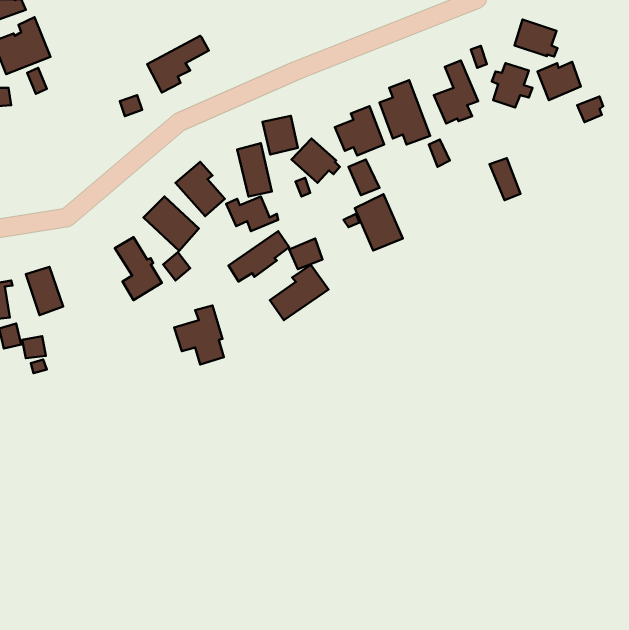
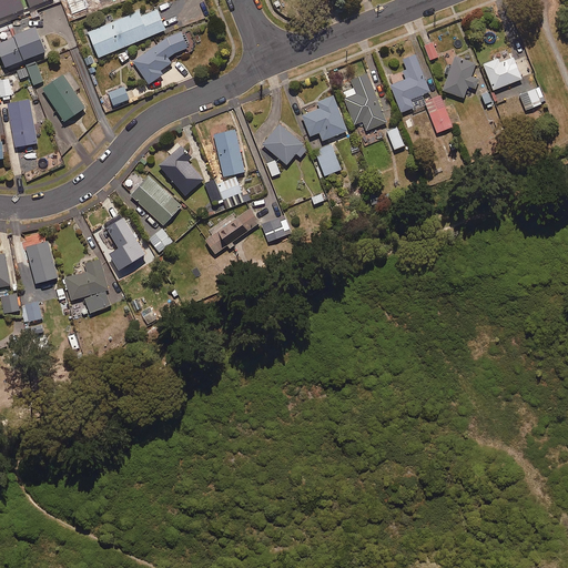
building: none -> [88,7,164,57]
building: [514,19,557,57] -> none
building: none -> [41,74,84,121]
building: none -> [6,98,38,146]
building: [263,116,298,154] -> none
building: [490,158,520,200] -> [423,94,450,132]
building: [355,194,403,251] -> none
building: [270,265,328,320] -> none
building: [174,305,224,365] -> [64,258,109,312]

